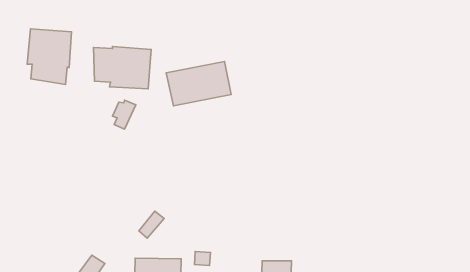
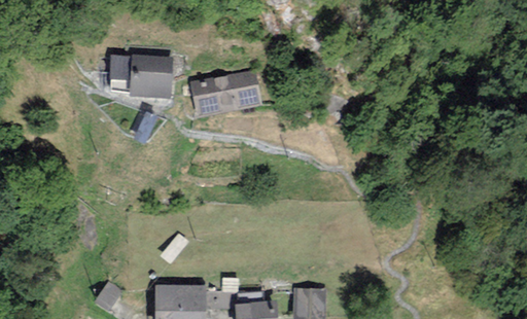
building: [27,29,72,84] -> none

